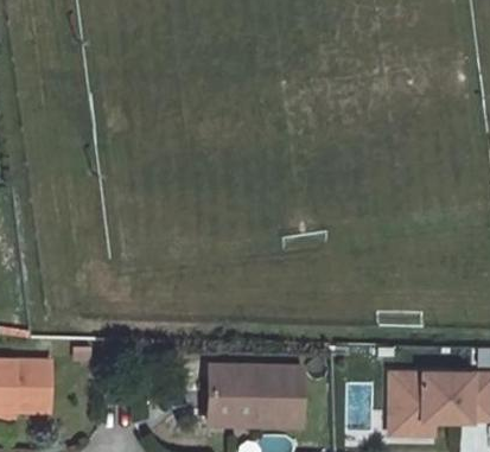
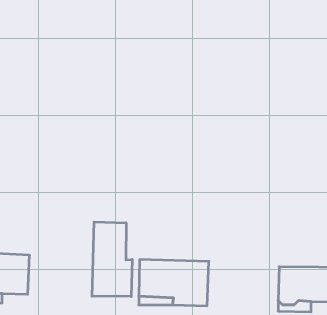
building: none -> [92,222,132,297]

